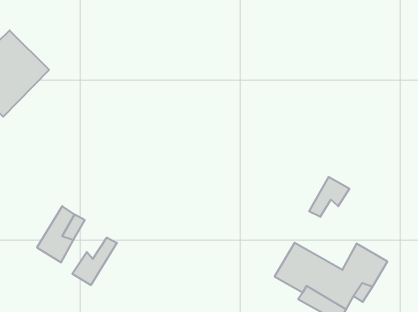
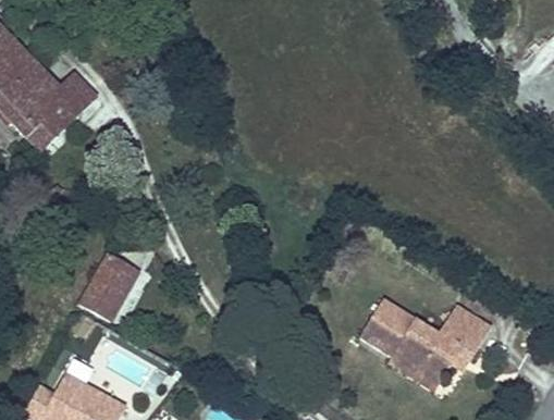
building: [309,177,349,217] -> none
building: [72,238,117,285] -> none

